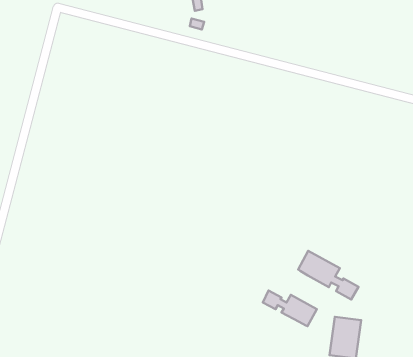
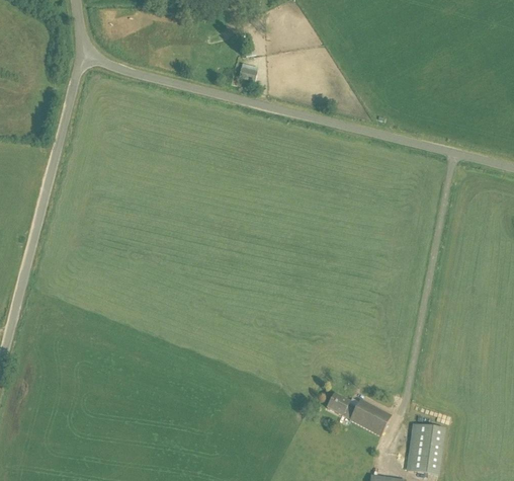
building: [298,251,359,299] -> none

